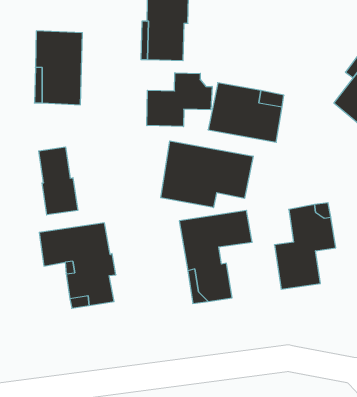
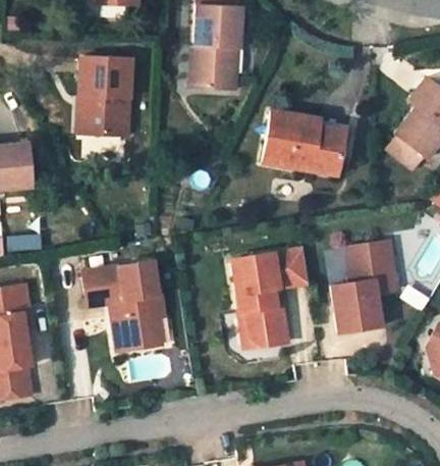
building: [147,73,212,127] -> none
building: [161,141,253,208] -> none
building: [39,147,78,215] -> none

